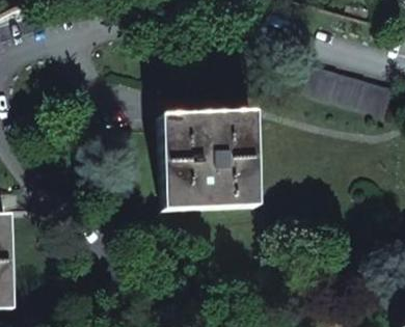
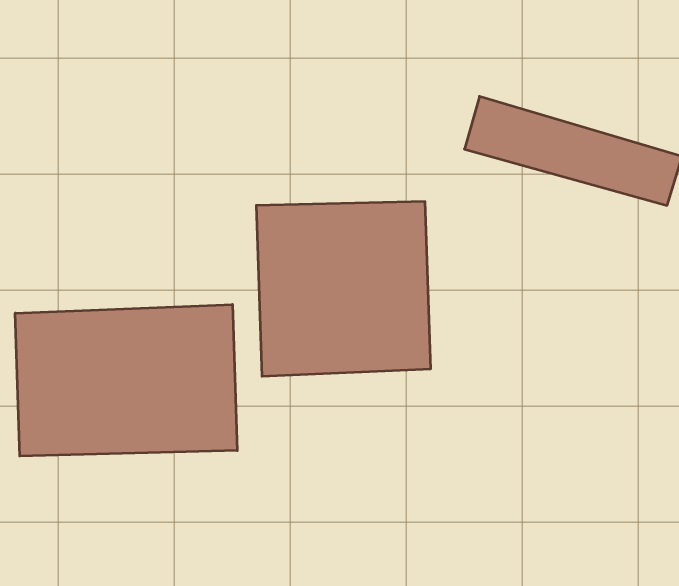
building: none -> [15,304,237,456]

